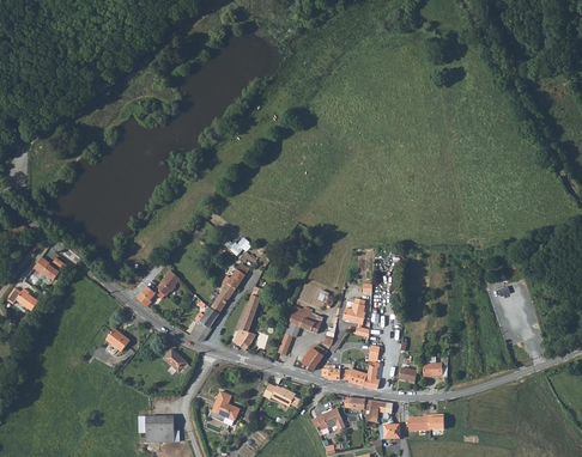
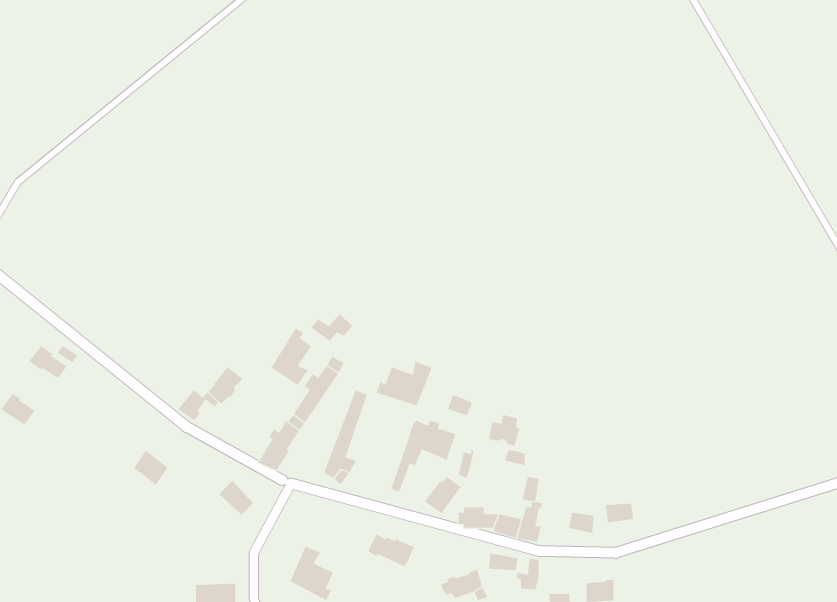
building: none -> [271,328,312,386]
building: none -> [376,361,432,406]

